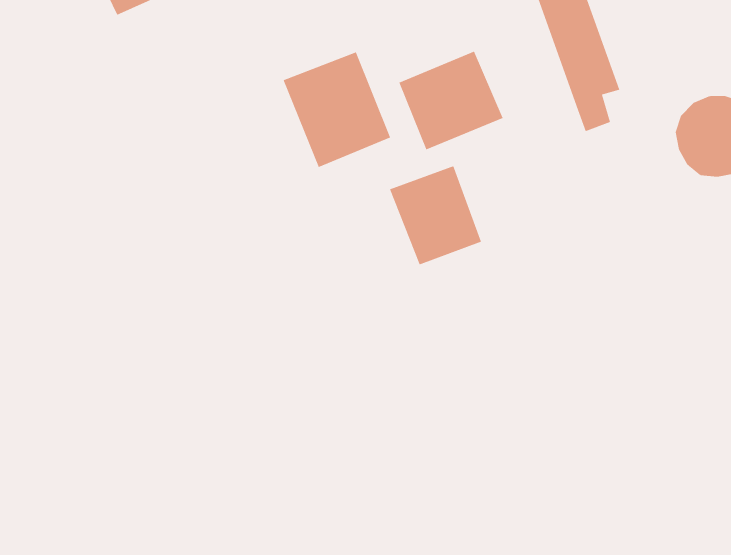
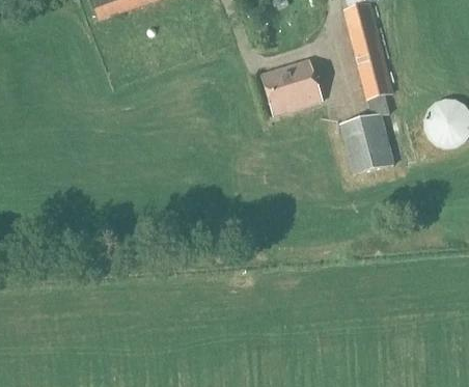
building: [283,52,391,168] -> none
building: [389,165,482,265] -> [342,113,394,170]

